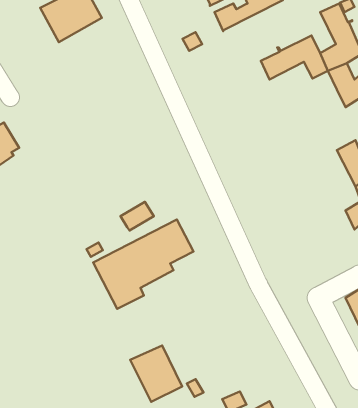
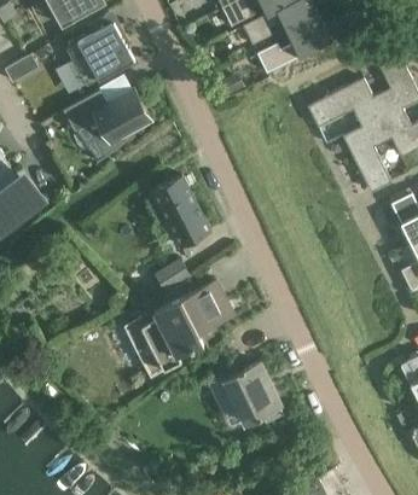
building: none -> [63,89,151,163]
building: none -> [343,117,391,192]
building: none -> [152,175,210,248]
building: [130,346,182,402] -> [223,363,280,425]

